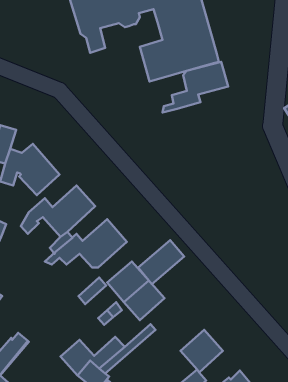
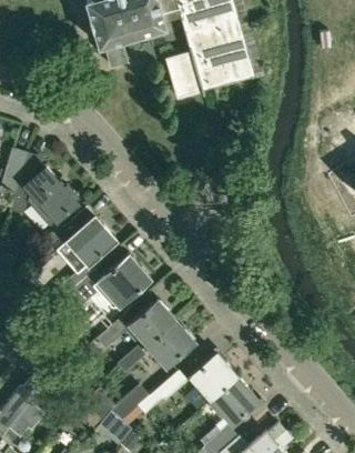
building: [162,62,228,112] -> none
building: [138,240,184,284] -> none
building: none -> [191,354,239,402]

